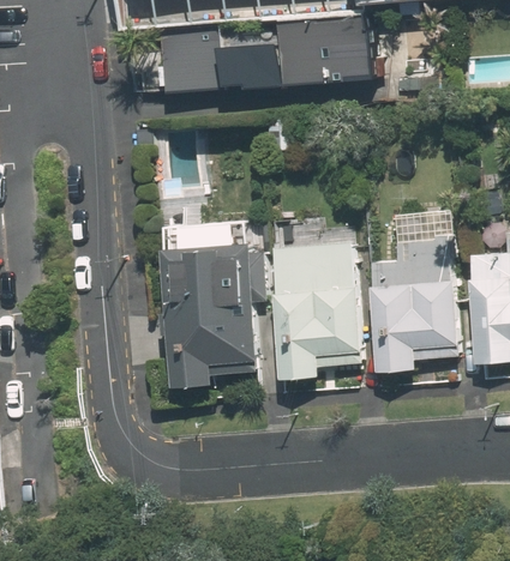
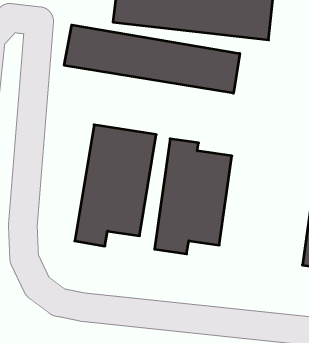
building: none -> [64,25,240,93]
building: [371,207,452,374] -> none

